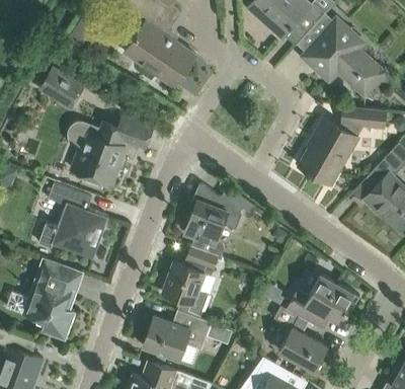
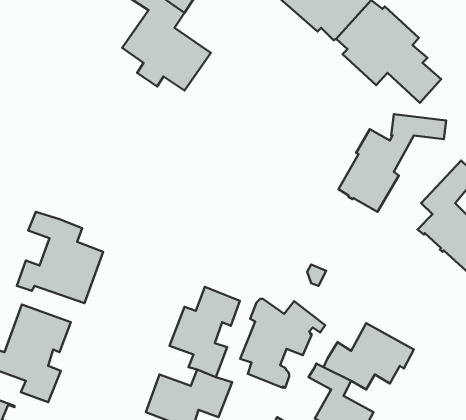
building: [39,69,83,108] -> none
building: [69,115,154,183] -> none
building: [184,184,253,256] -> [240,299,325,388]

